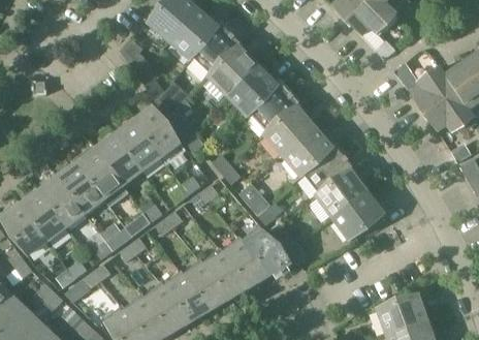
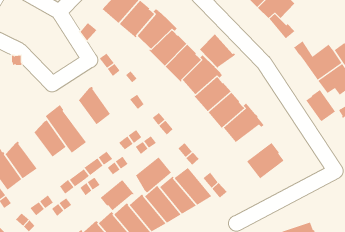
building: none -> [199,34,236,68]
building: [137,106,187,164] -> none
building: none -> [306,89,336,123]
building: [99,134,141,184] -> none
building: [317,171,366,217] -> none
building: [42,177,85,226] -> none
building: none -> [135,157,172,193]
building: none -> [100,179,134,211]

